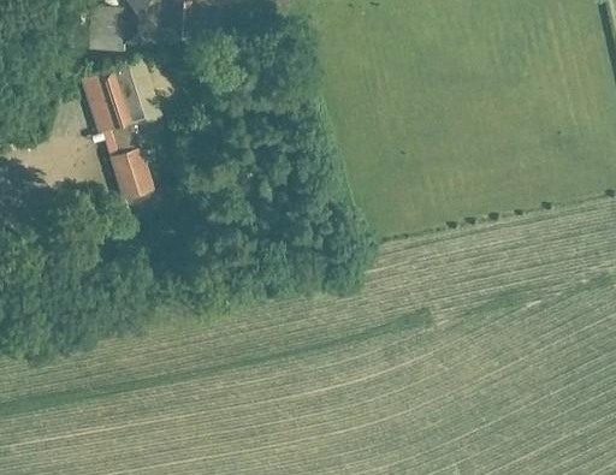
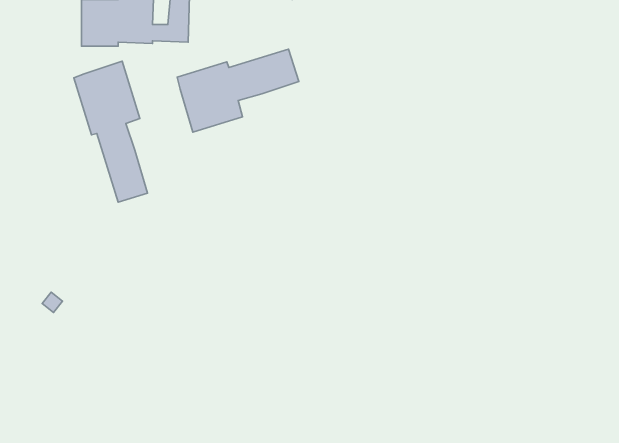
building: none -> [177,49,299,132]

